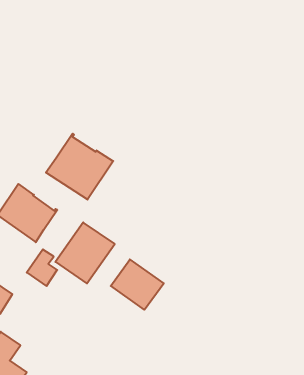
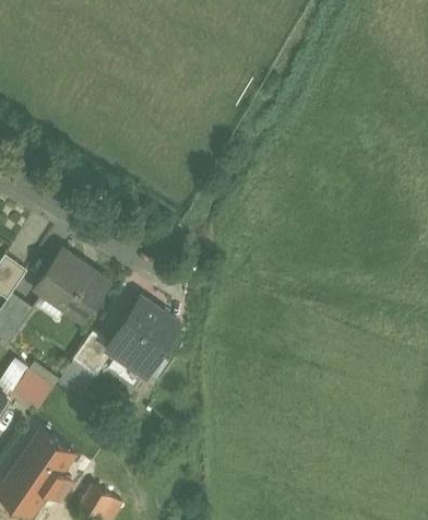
building: [46,134,113,200] -> none
building: [111,259,164,310] -> none

